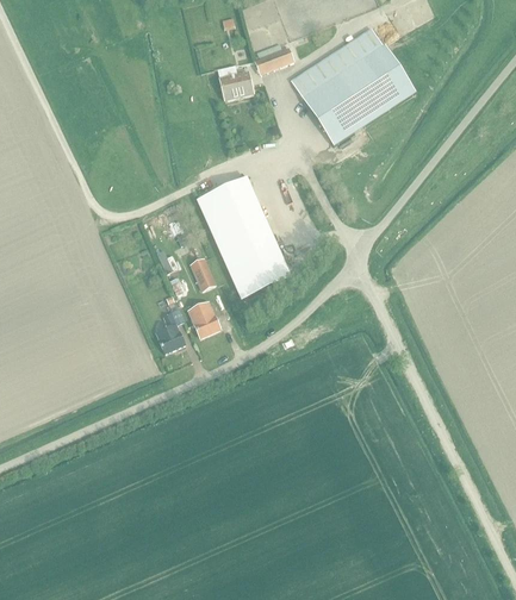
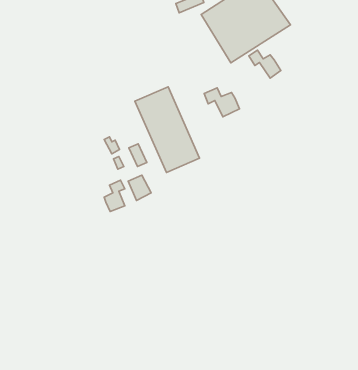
building: [216,64,254,101] -> none
building: none -> [249,50,281,78]
building: none -> [204,88,239,117]

